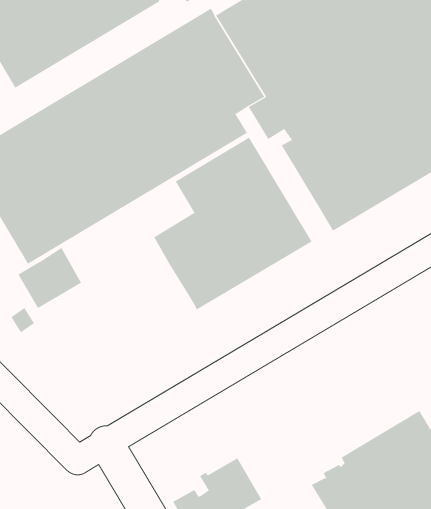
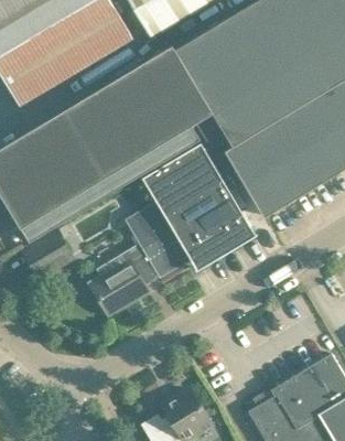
building: none -> [89,244,158,315]

